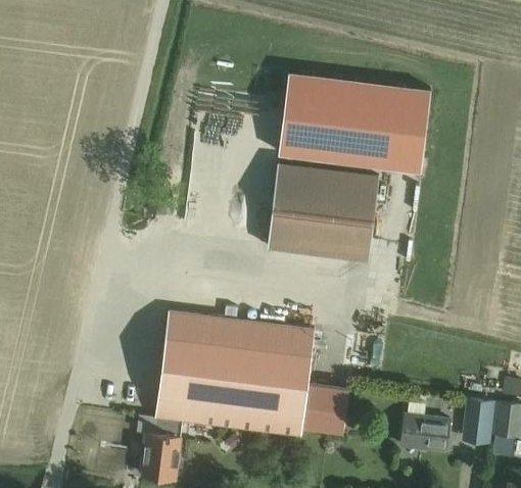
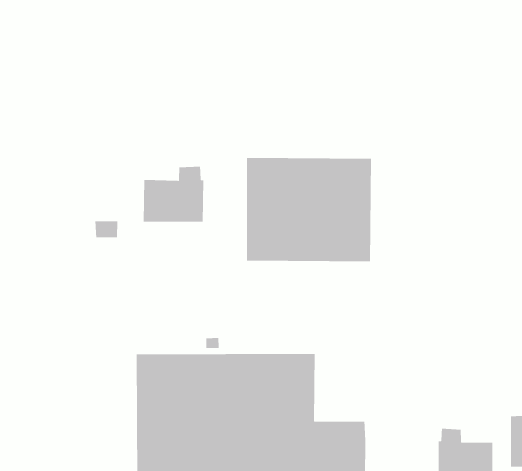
building: [279,74,431,174] -> none
building: none -> [143,166,204,223]

